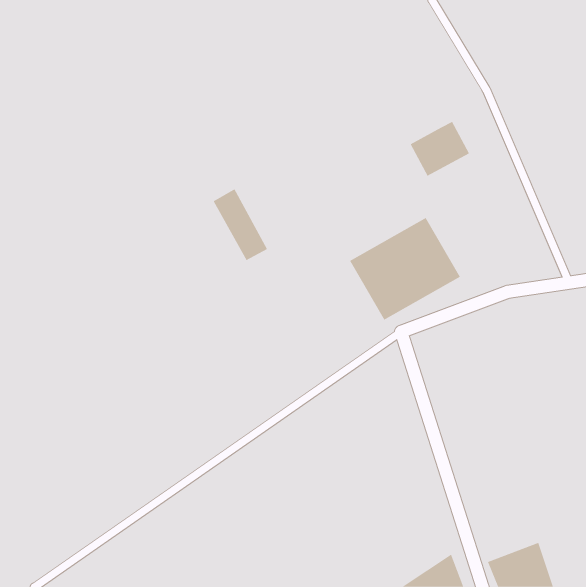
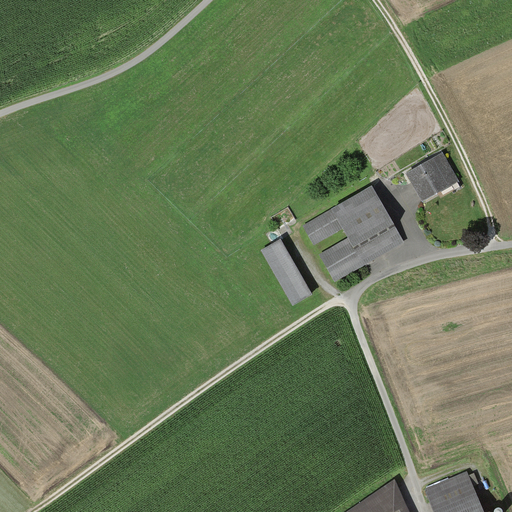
building: [410,121,470,176] -> [404,154,456,202]
building: [213,188,268,261] -> [262,240,310,303]

